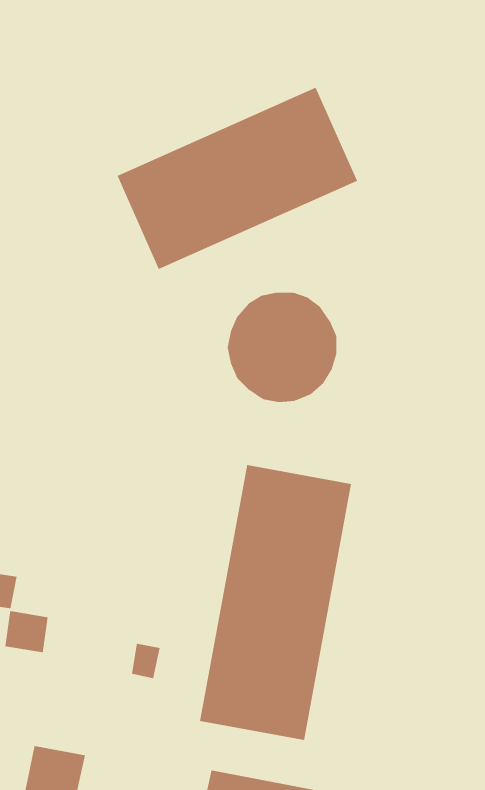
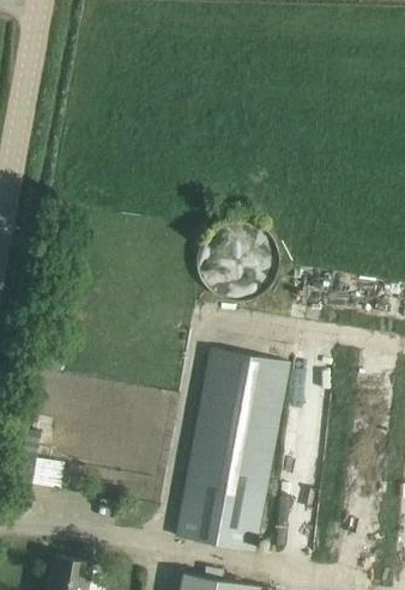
building: [117,87,358,270] -> none

